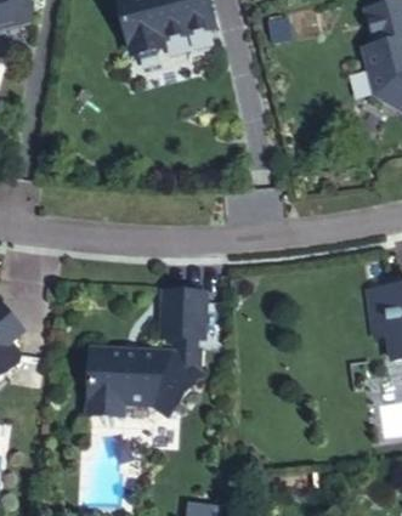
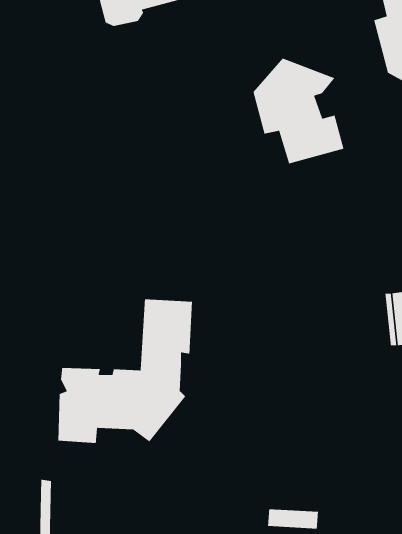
building: none -> [253,57,345,165]

